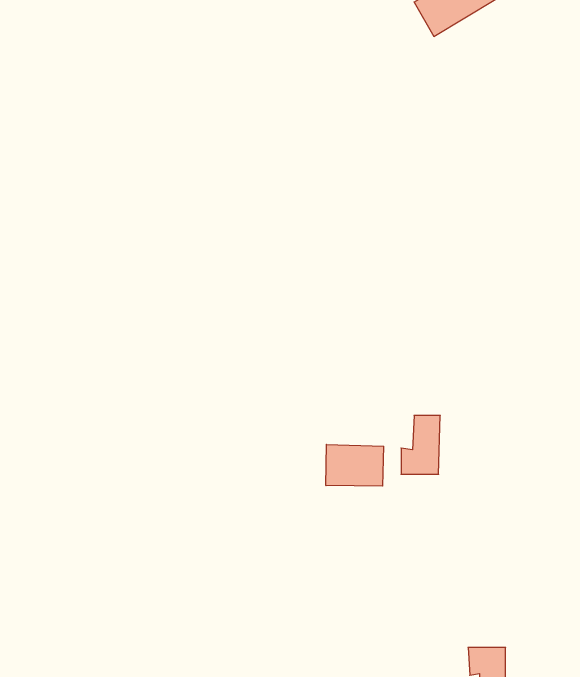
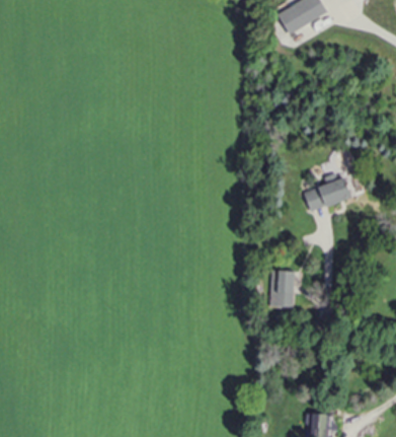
building: none -> [303,176,350,212]
building: [326,444,384,486] -> none

